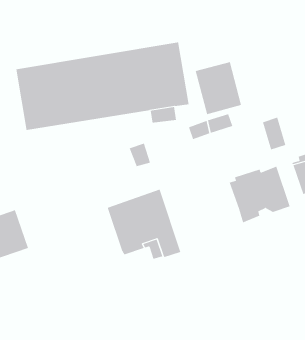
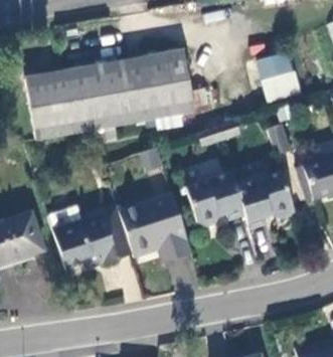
building: [195,62,242,115] -> [256,49,301,101]
building: none -> [183,170,242,223]
building: none -> [51,203,130,270]

